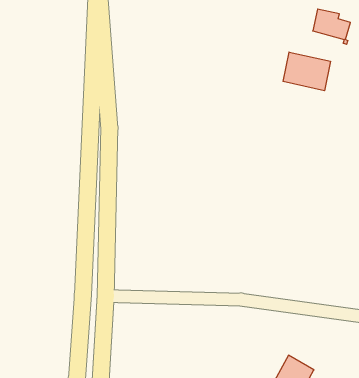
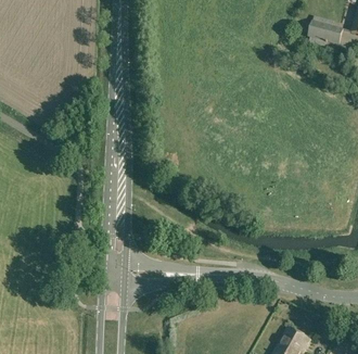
building: [283,52,330,91] -> none

